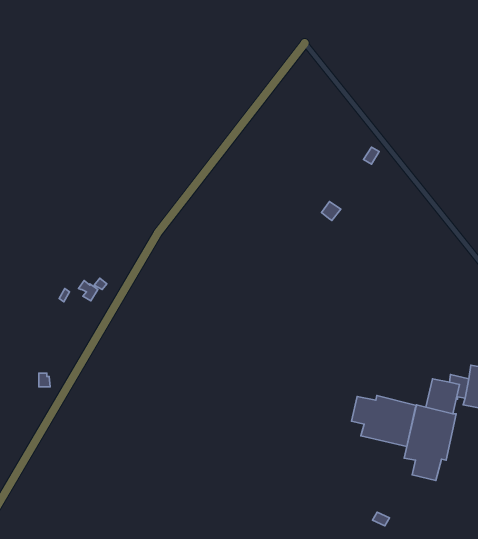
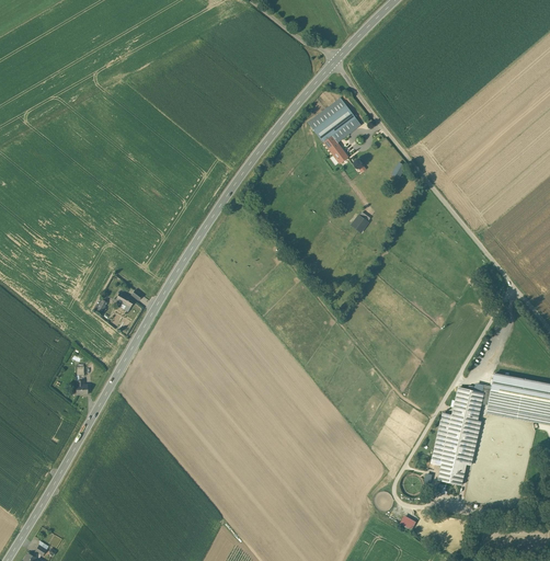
building: none -> [308,99,359,163]
building: [351,395,417,447] -> none

